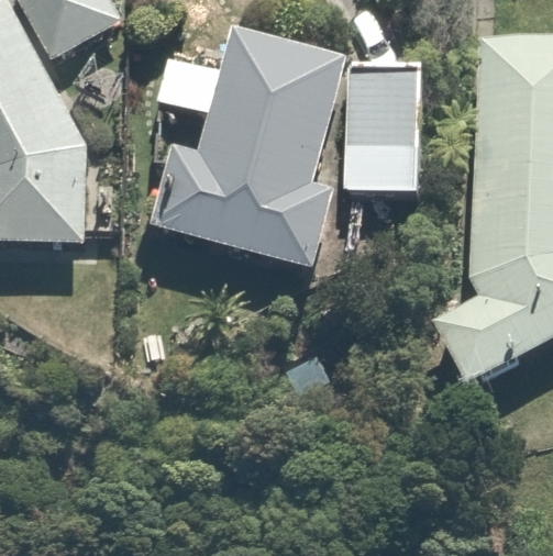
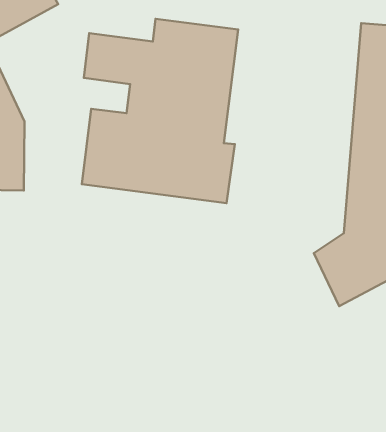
building: [343,60,433,200] -> none

